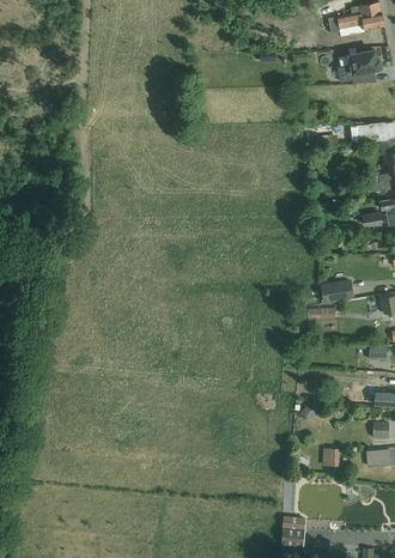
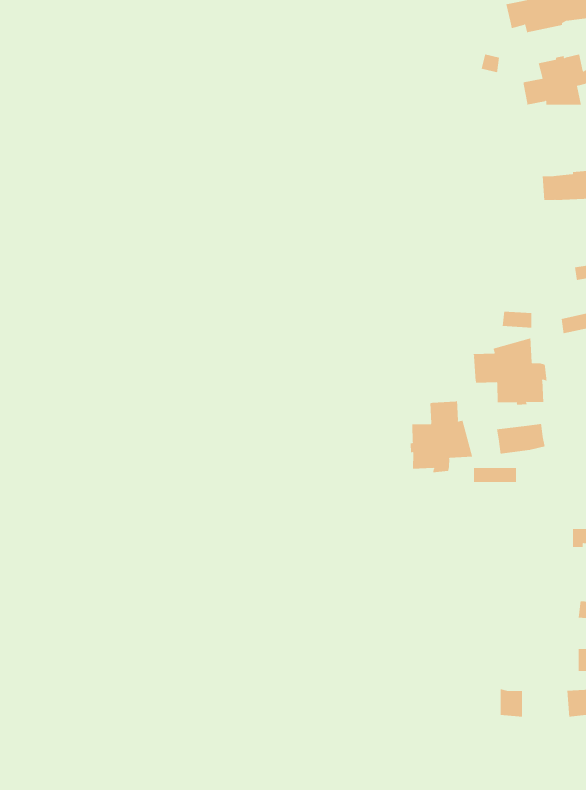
building: none -> [473,337,547,405]
building: none -> [410,400,473,473]

